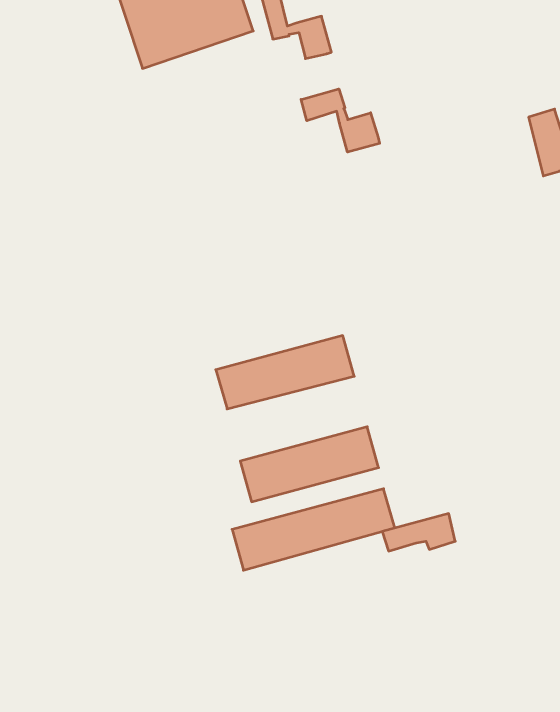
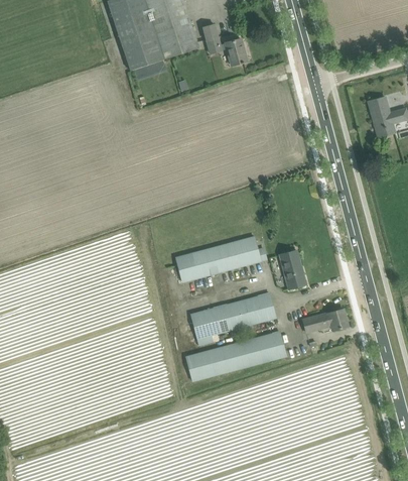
building: [301,89,380,152] -> none
building: none -> [280,250,305,288]
building: [382,514,455,551] -> [302,309,348,332]

